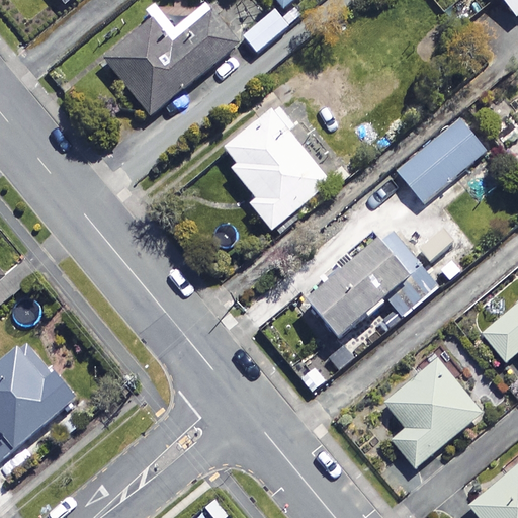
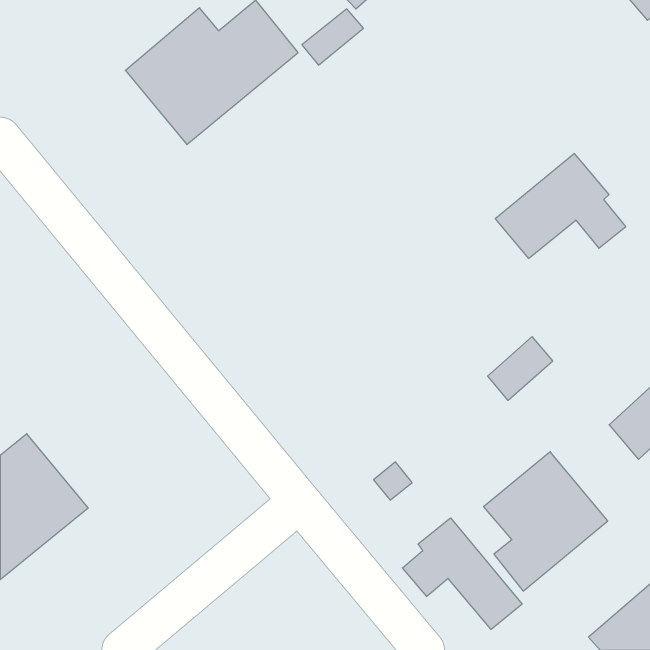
building: [218,104,331,230] -> none
building: [303,237,405,336] -> none
building: none -> [402,518,522,629]

